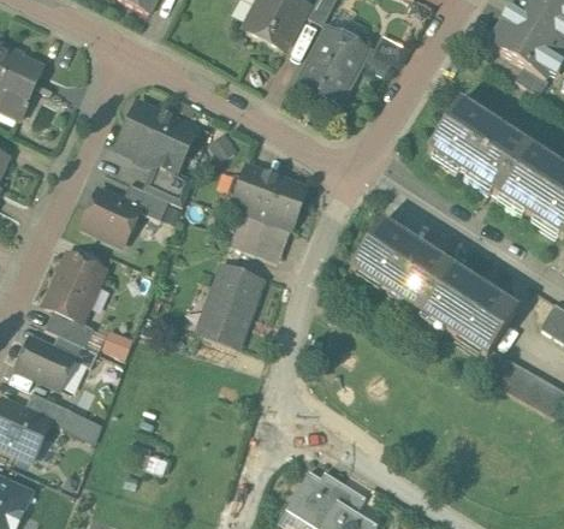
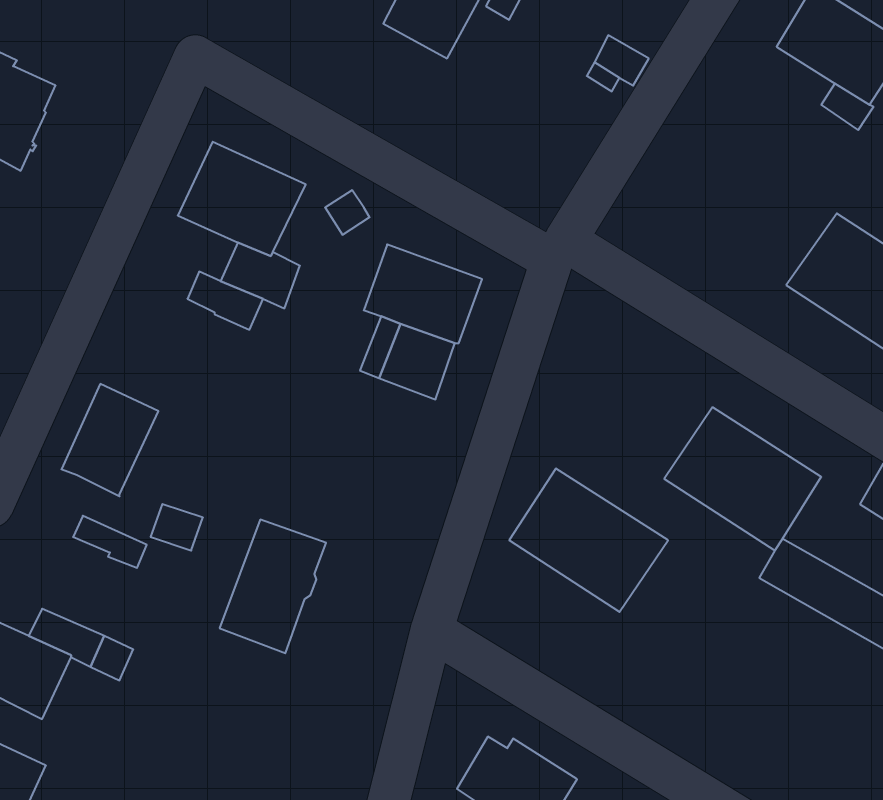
building: [295,28,368,111] -> none
building: [428,101,526,190] -> none
building: [82,188,139,244] -> none
building: [350,221,449,310] -> [509,469,668,612]
building: [197,263,263,346] -> [220,520,326,653]
building: [44,308,93,345] -> none
building: [17,337,75,387] -> none

